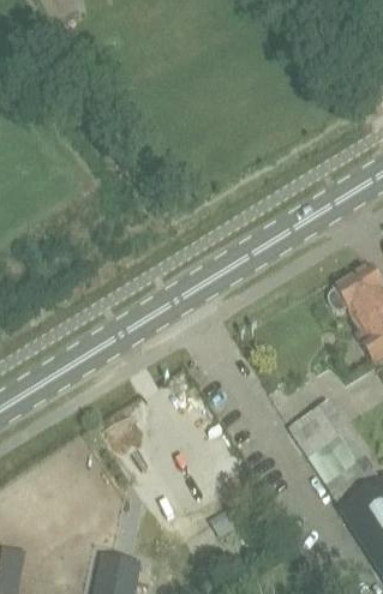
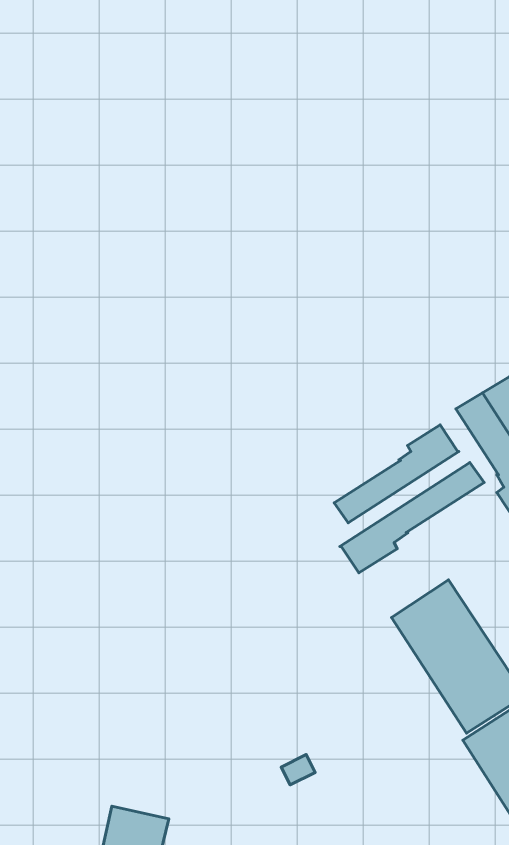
building: none -> [334,425,459,523]
building: none -> [340,463,484,573]

